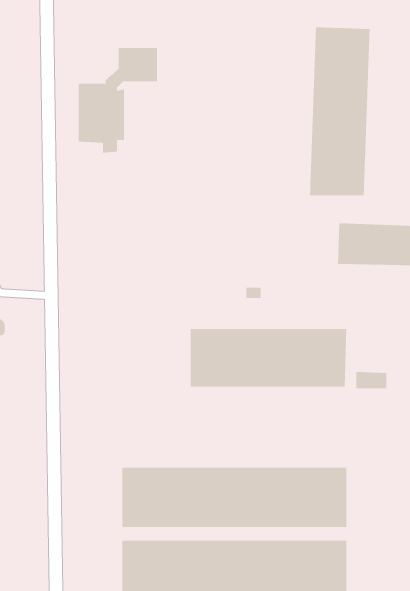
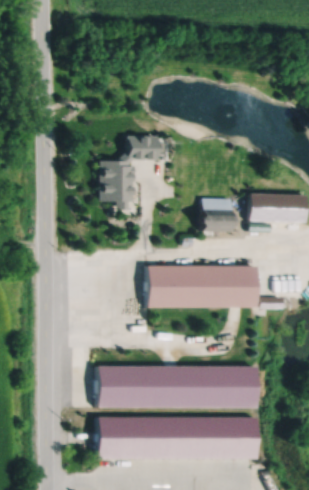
building: [310,26,370,196] -> none
building: [78,47,158,153] -> [103,137,159,211]
building: none -> [197,199,234,236]

